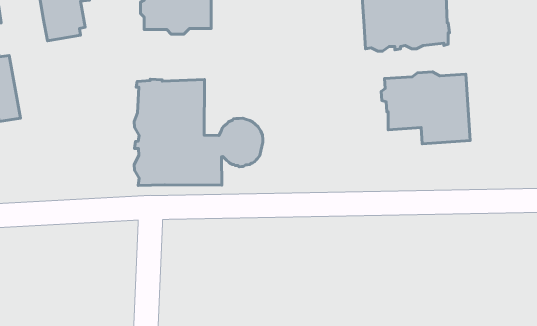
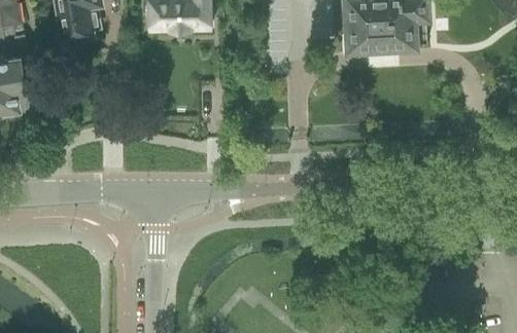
building: [381,72,470,144] -> none
building: [134,79,263,185] -> none

